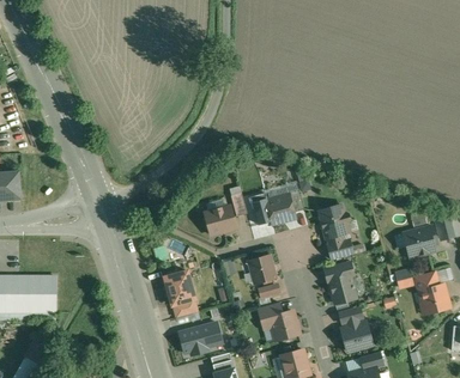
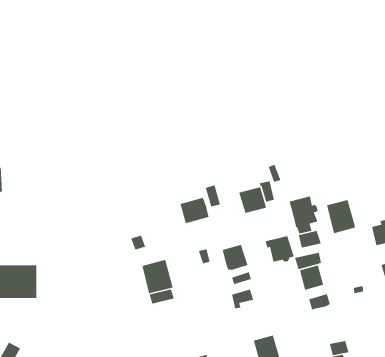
building: none -> [326,199,356,234]
building: [268,311,299,340] -> [265,235,295,263]
building: [341,321,371,352] -> none
building: [176,322,223,359] -> none

